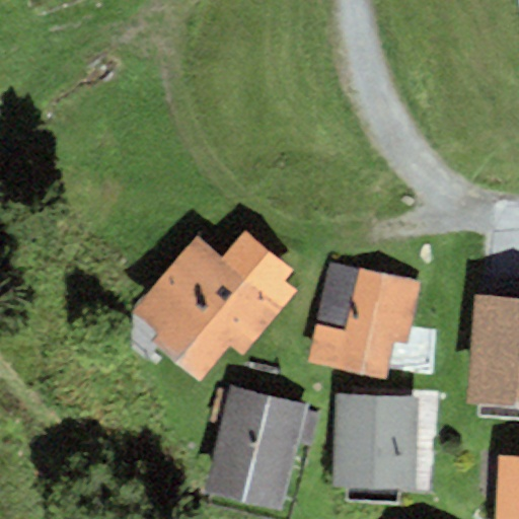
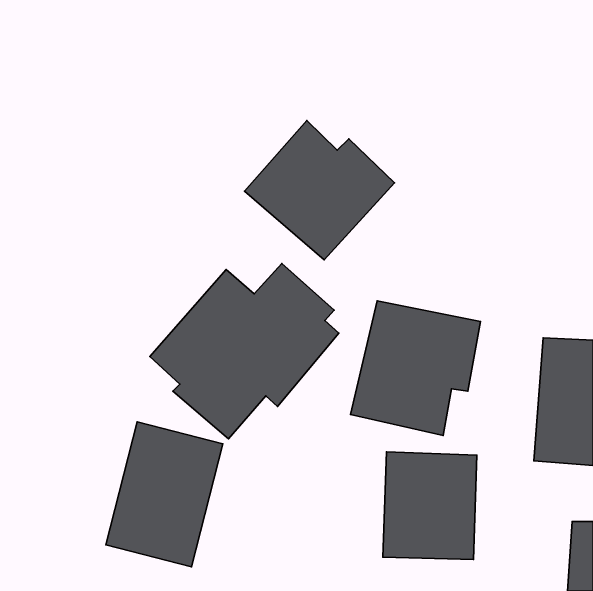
building: none -> [245,120,395,260]
building: [205,384,307,511] -> [106,422,223,567]

